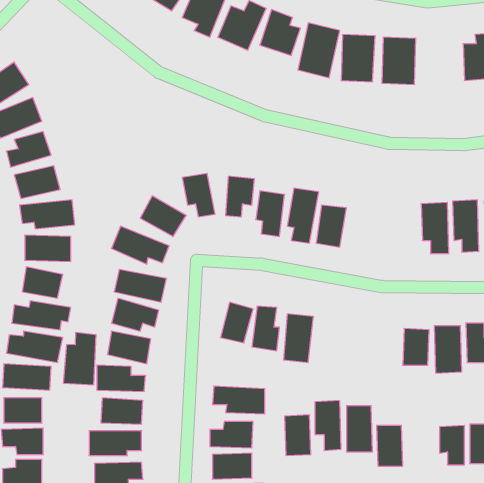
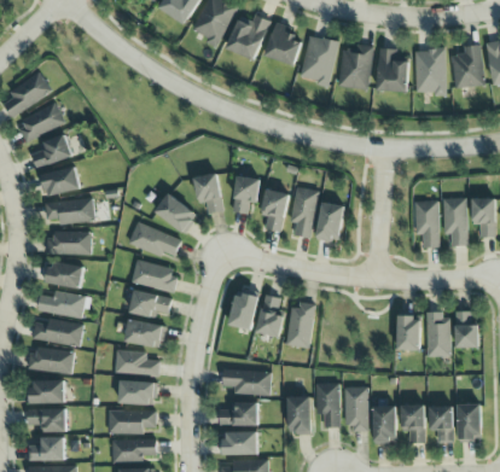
building: none -> [414,49,446,94]
building: [64,332,96,385] -> none
building: none -> [401,404,424,443]

